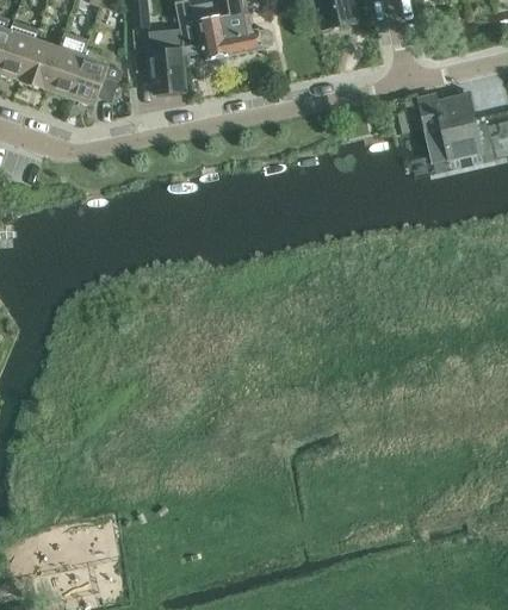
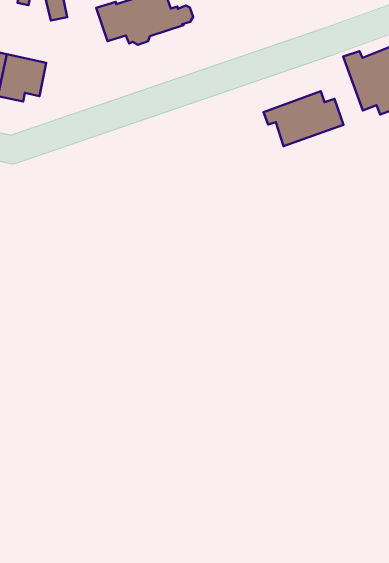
building: [149,29,185,93] -> none
building: none -> [263,91,344,146]

